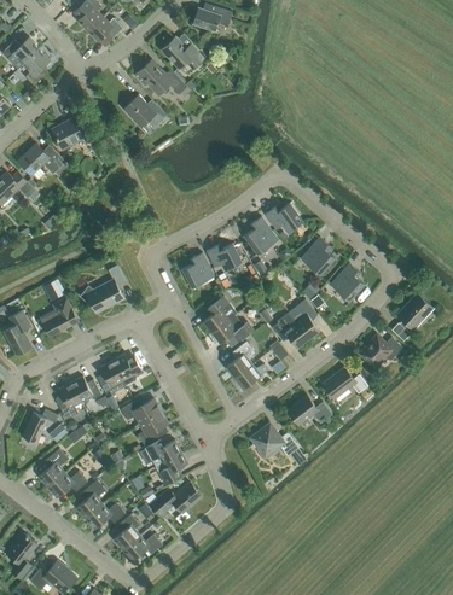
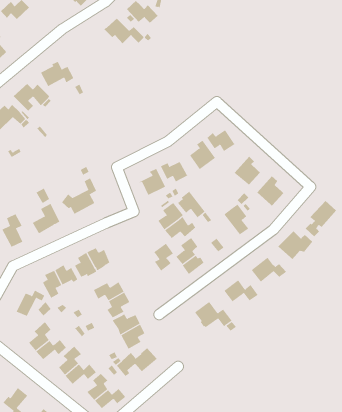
building: [23,47,50,86] -> none
building: [124,95,167,127] -> none
building: [272,311,308,346] -> [177,191,206,218]
building: none -> [154,243,174,271]

